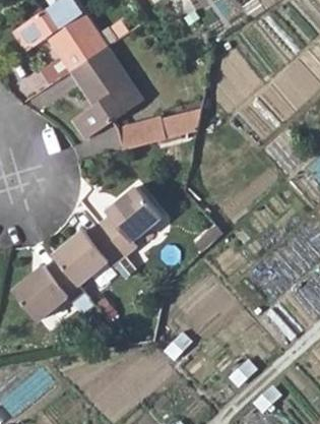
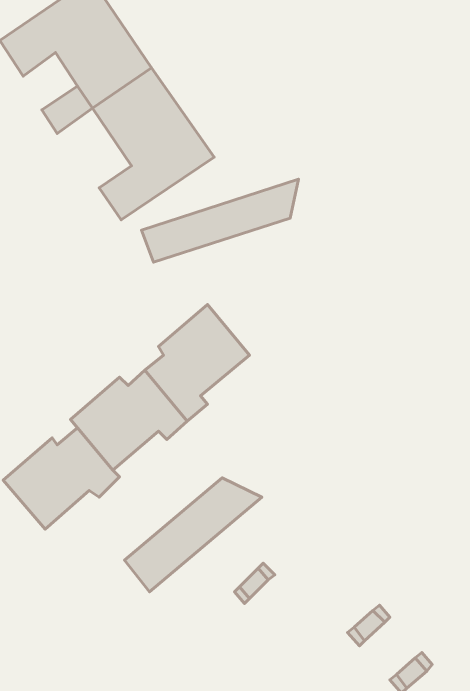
building: none -> [125,478,262,592]

